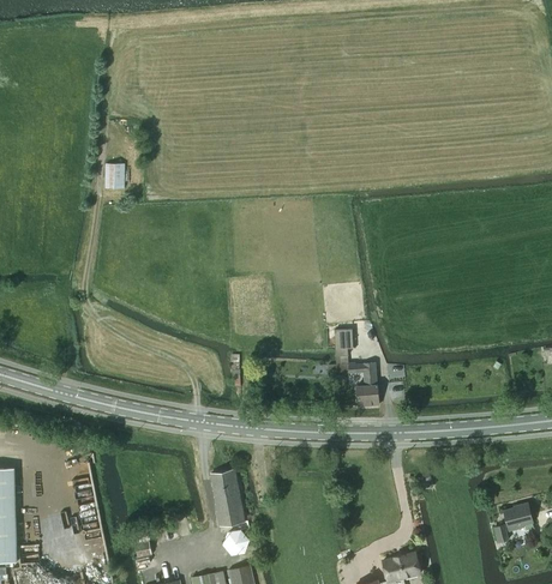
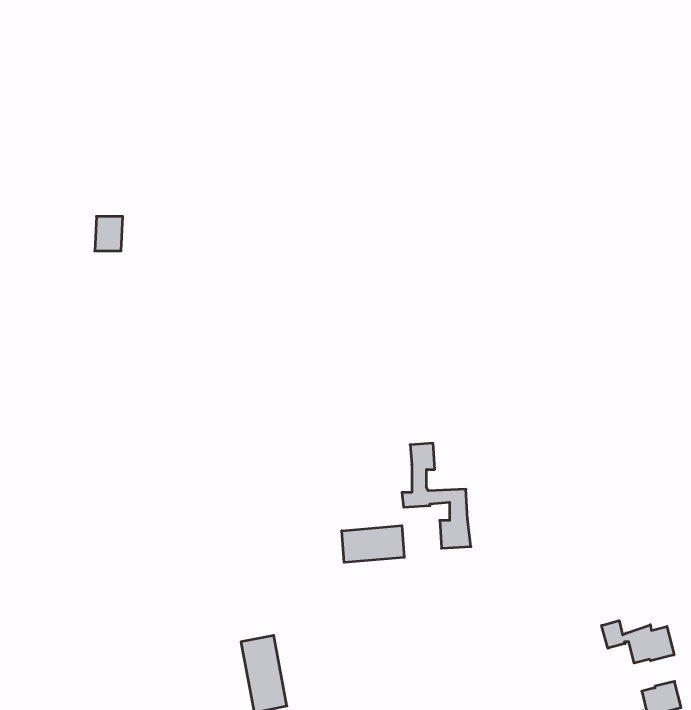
building: none -> [342,526,404,562]
building: none -> [602,621,674,663]

